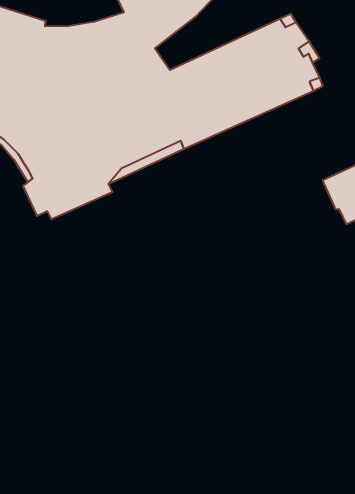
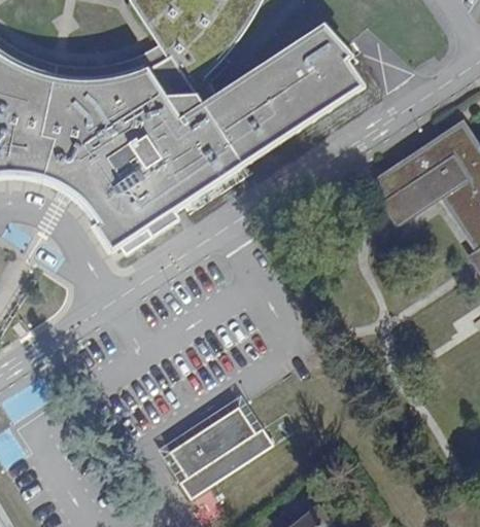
building: none -> [168,406,273,498]

